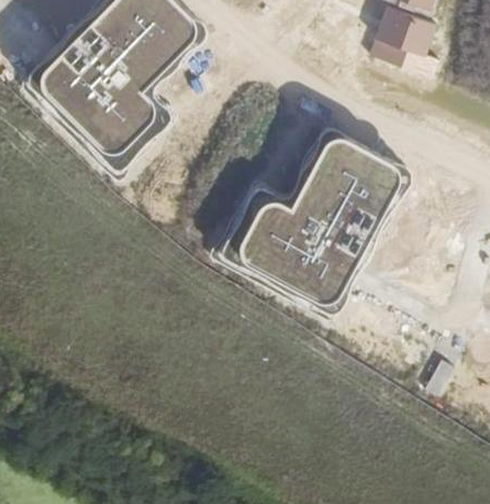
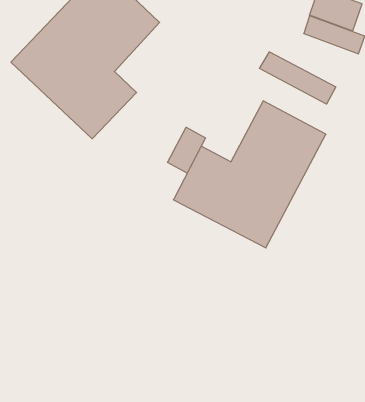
building: none -> [259,52,336,104]
building: none -> [168,127,206,173]

